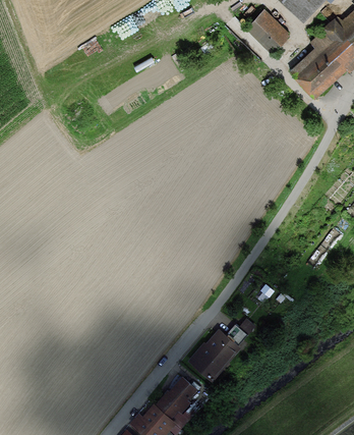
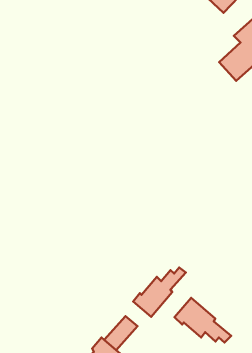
building: [247,12,287,53] -> none
building: none -> [174,298,231,342]

